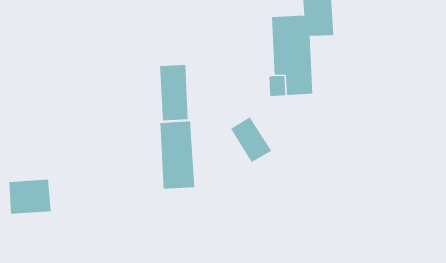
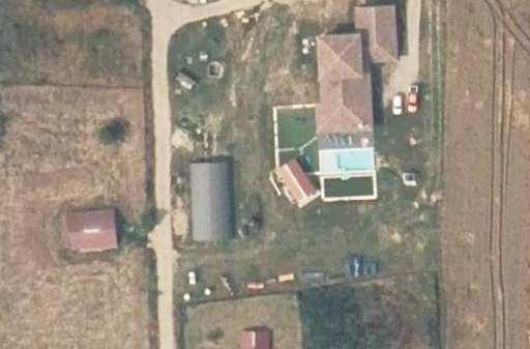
building: [159,64,188,121] -> none
building: [9,179,51,214] -> [65,209,116,251]

